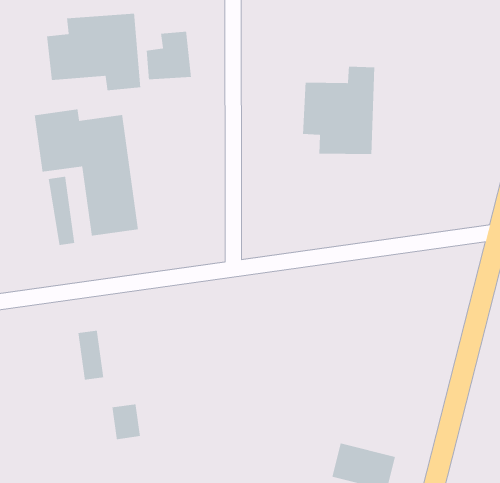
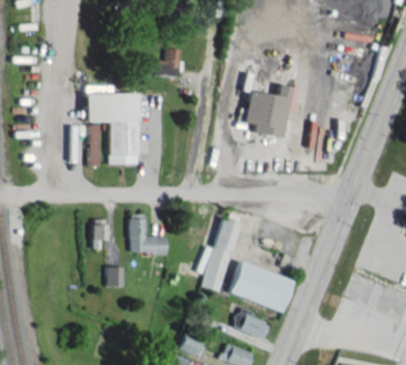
building: [46,13,141,91] -> none
building: none -> [203,214,241,293]
building: none -> [131,214,168,254]
building: none -> [229,261,294,313]

